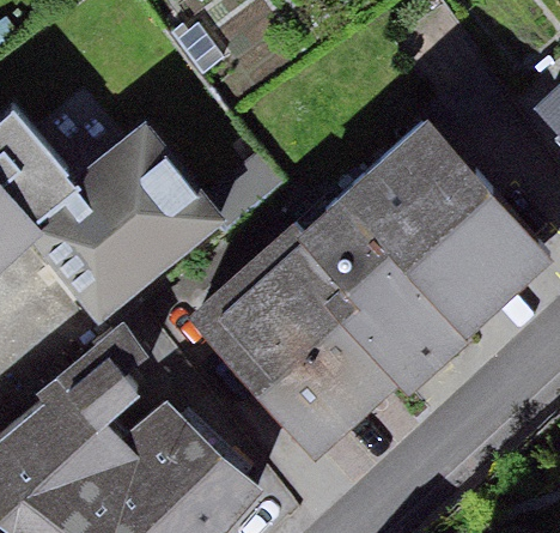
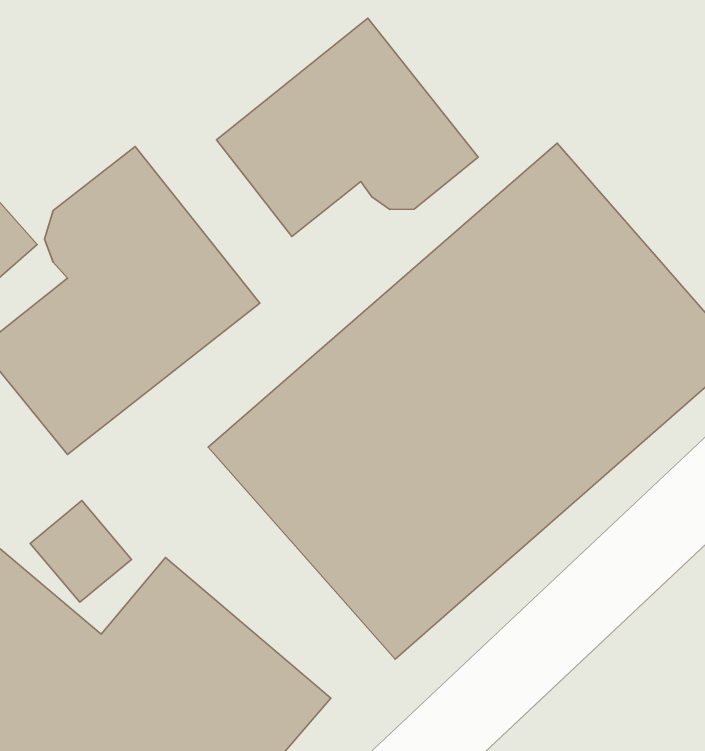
building: none -> [217,18,478,236]

